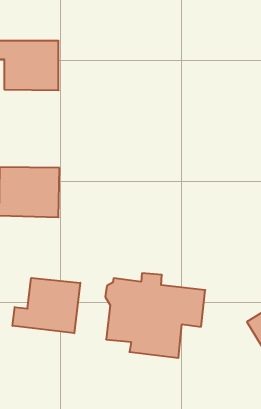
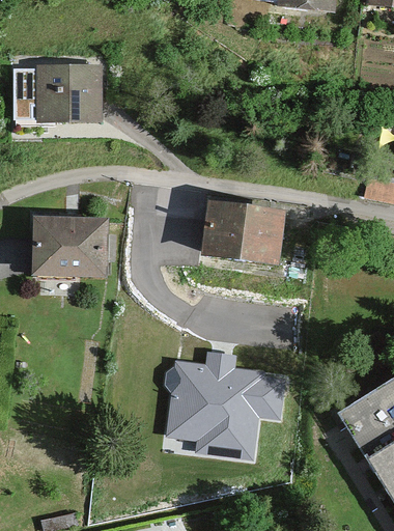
building: none -> [200,202,285,268]
building: [13,278,80,333] -> none

